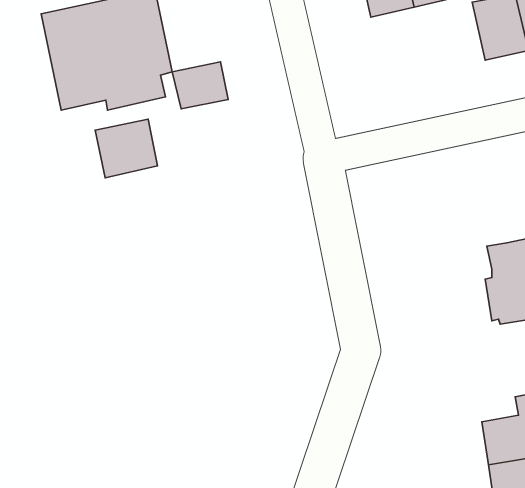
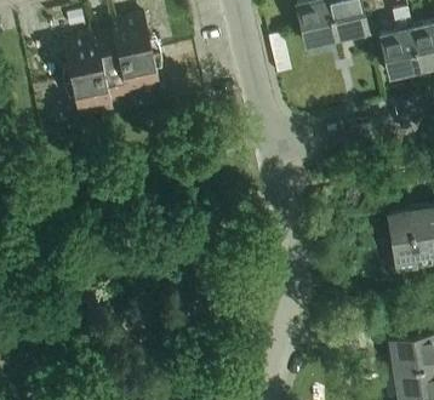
building: [172,62,228,109] -> none
building: [95,119,157,178] -> none

